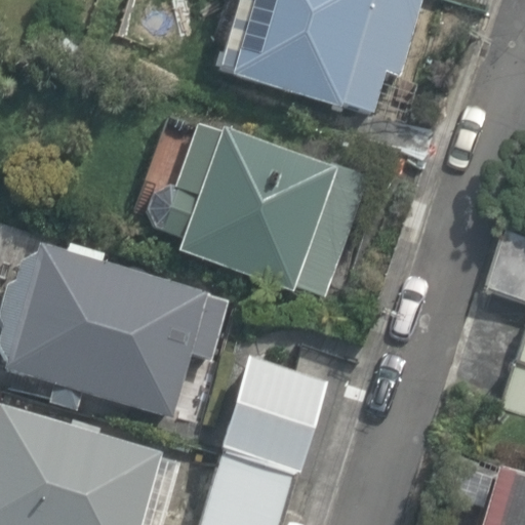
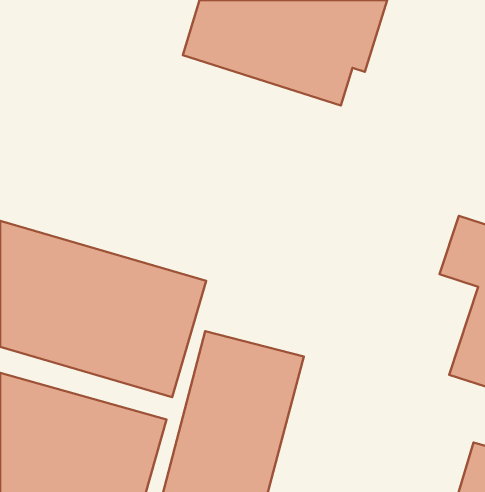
building: [159,111,338,290] -> none

